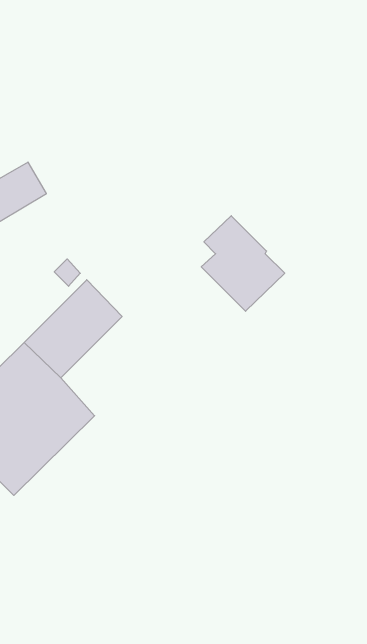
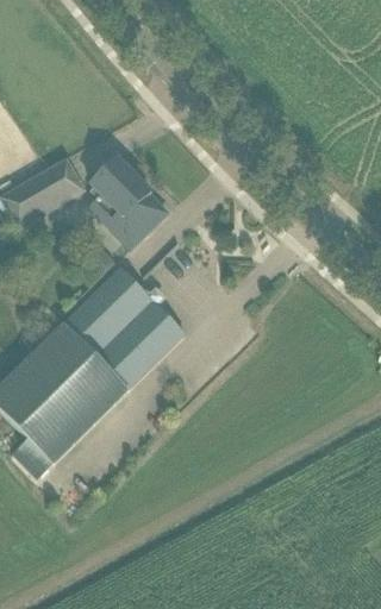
building: [201,216,285,311] -> [90,159,167,246]
building: none -> [96,300,186,390]

